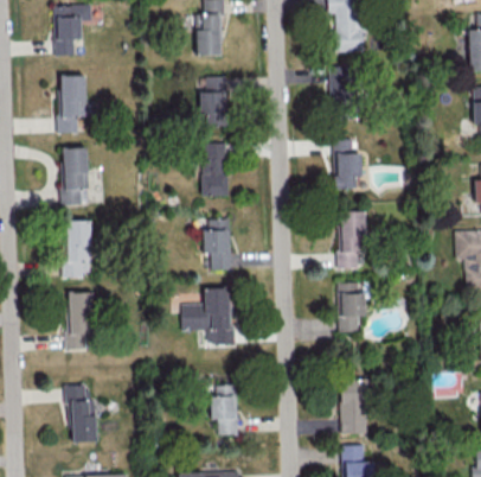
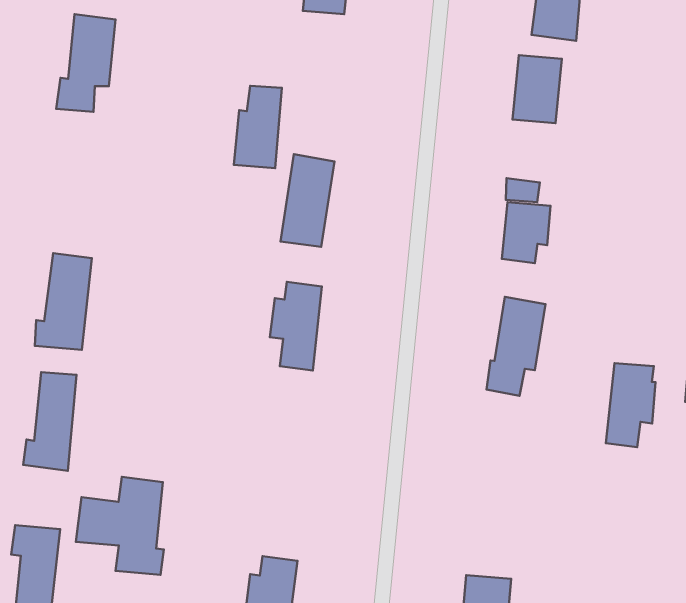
building: [201,76,227,126] -> [234,86,282,168]
building: [59,147,89,205] -> none
building: [338,282,365,332] -> [606,363,656,447]
building: [181,288,235,345] -> [76,477,164,575]

